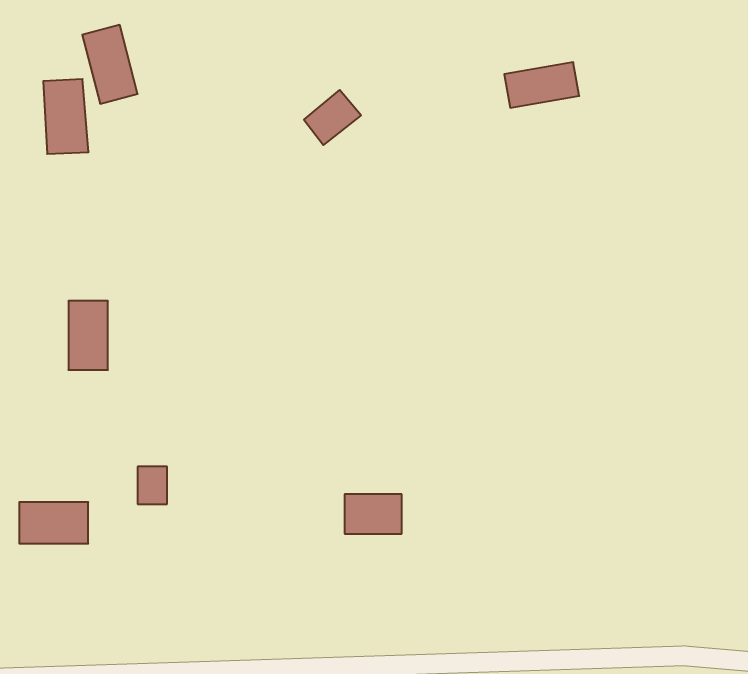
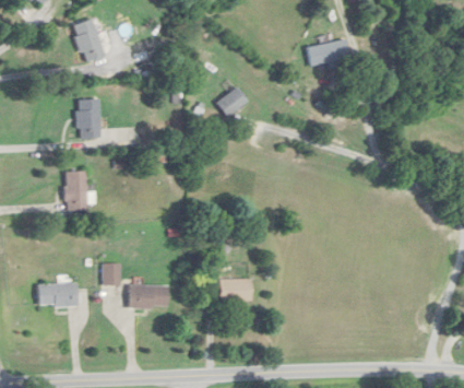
building: [43,79,89,154] -> [76,98,102,140]
building: [304,90,361,145] -> [216,86,248,117]
building: none -> [128,284,167,307]

